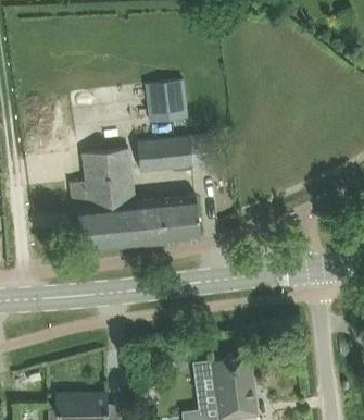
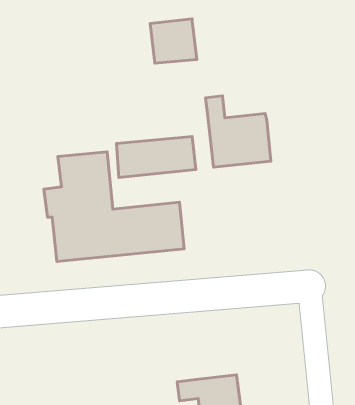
building: [145,81,188,122] -> [150,19,197,63]
building: none -> [206,96,271,167]

